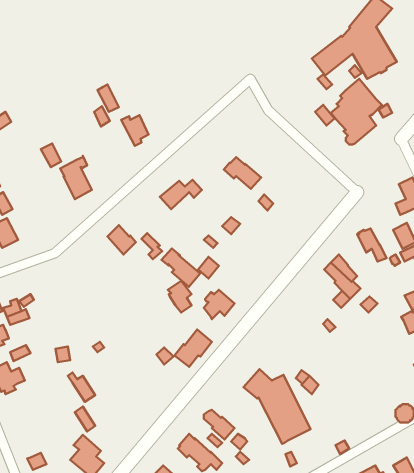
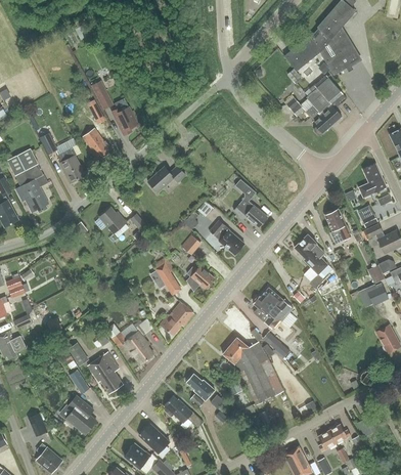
building: none -> [82,127,109,158]
building: [224,157,261,189] -> [233,198,267,226]
building: none -> [7,147,48,212]
building: [162,248,200,287] -> [209,219,243,254]
building: none -> [253,287,292,327]
building: none -> [105,322,153,363]
building: none -> [88,351,122,391]

